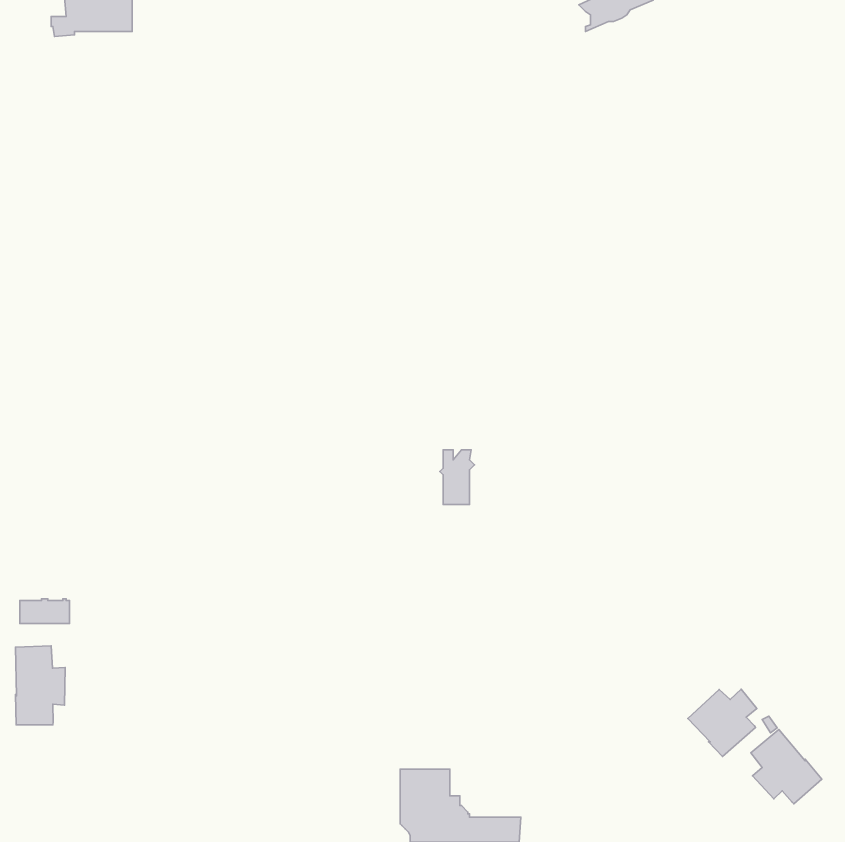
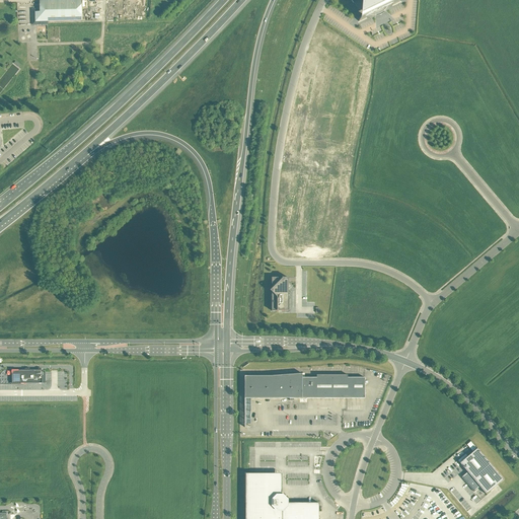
building: none -> [244,372,365,398]
building: [15,646,65,725] -> none
building: [688,689,757,756] -> none

